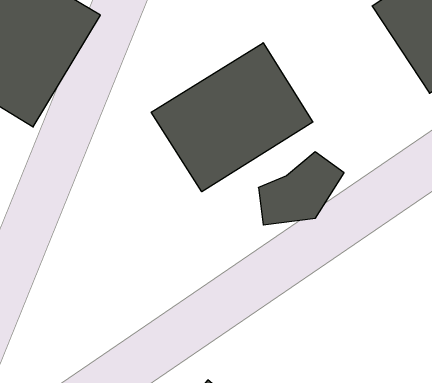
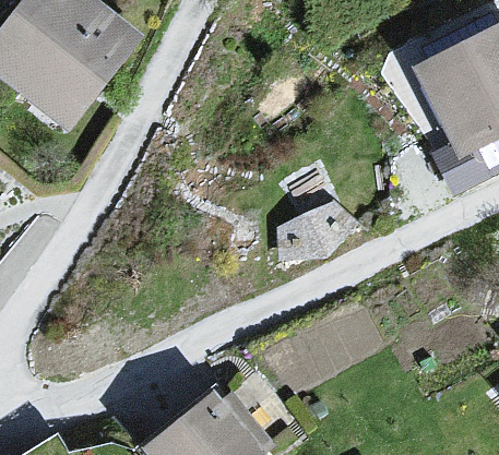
building: [151,43,313,192] -> none

